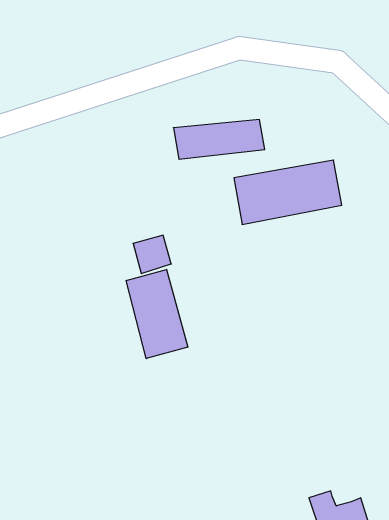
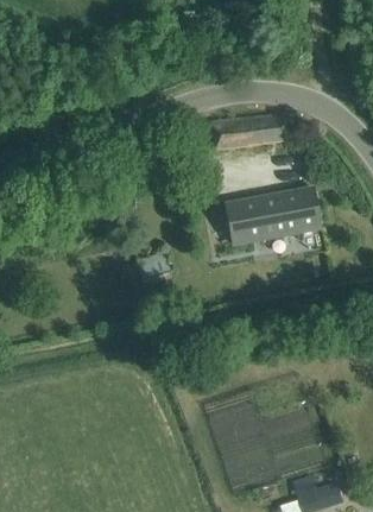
building: [173,120,265,159] -> [211,114,291,148]
building: [126,269,188,359] -> none

